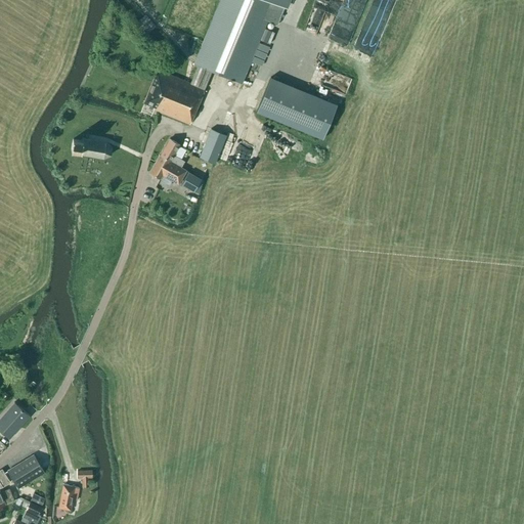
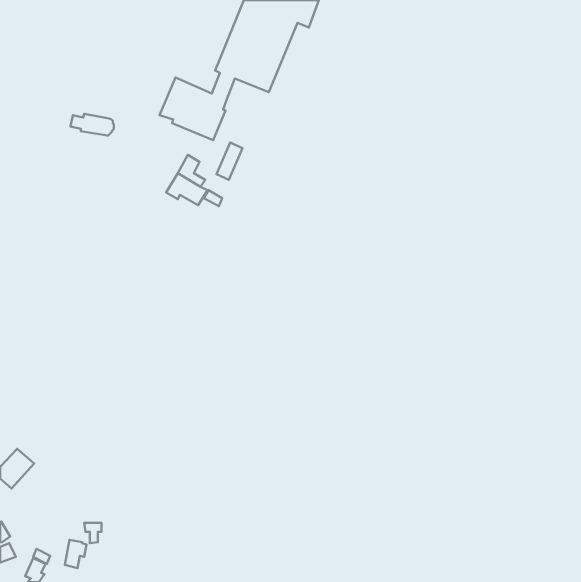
building: [257,77,338,138] -> none
building: [72,138,111,158] -> [71,114,114,136]
building: [8,455,45,488] -> none

